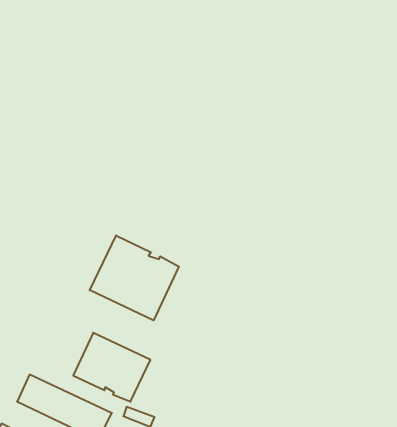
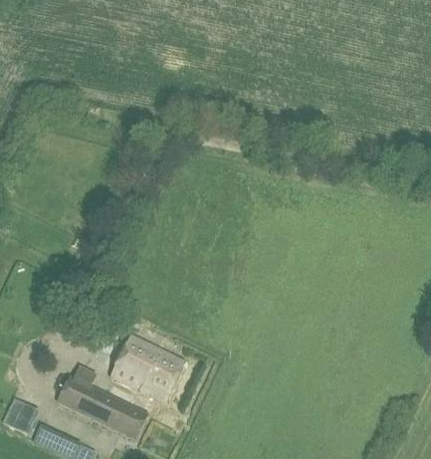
building: [90,235,179,320] -> none

